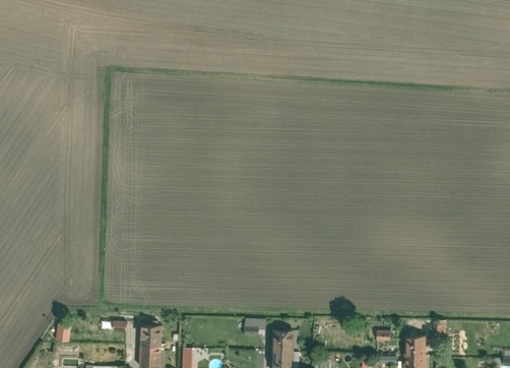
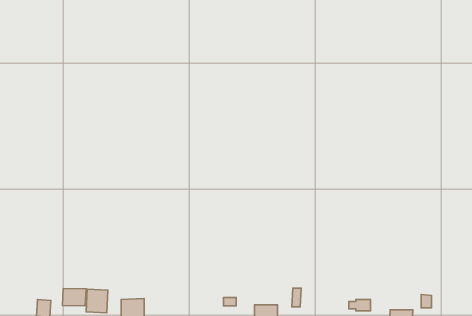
building: none -> [62,289,86,306]

